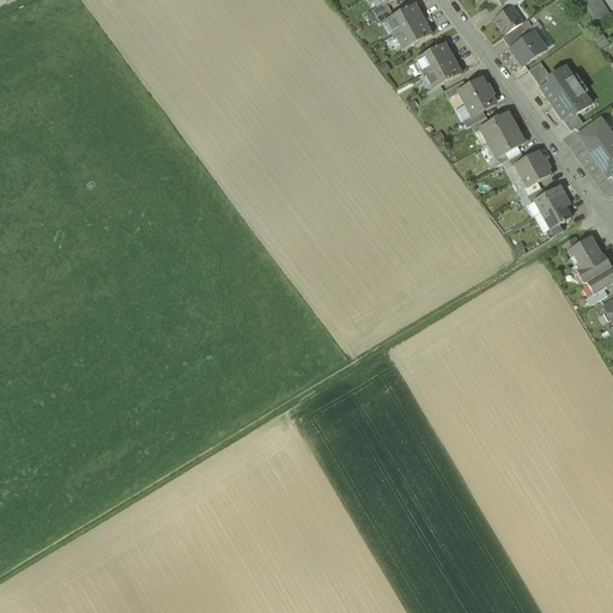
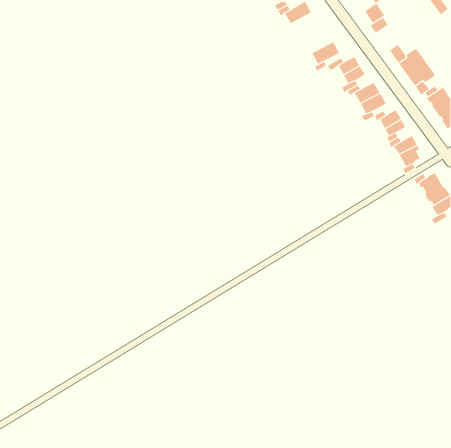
building: [394,17,431,48] -> none
building: [509,30,545,63] -> none
building: [415,41,453,72] -> none

